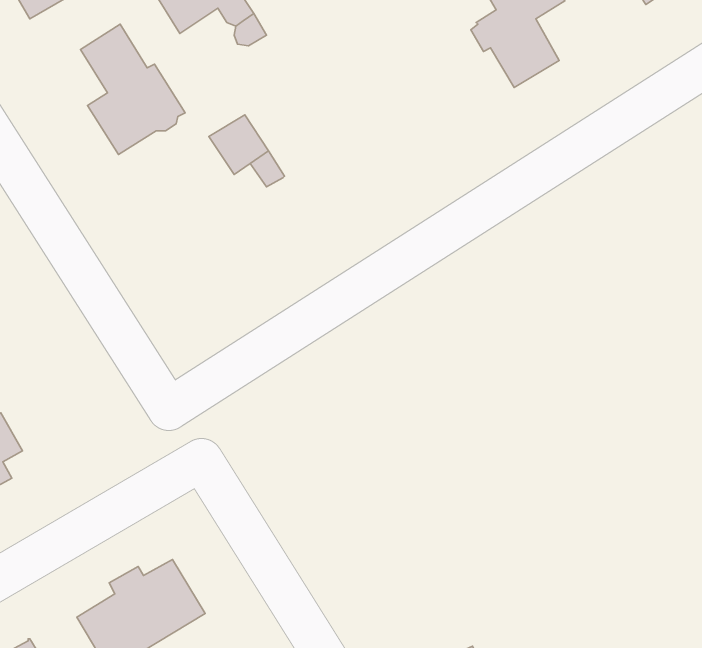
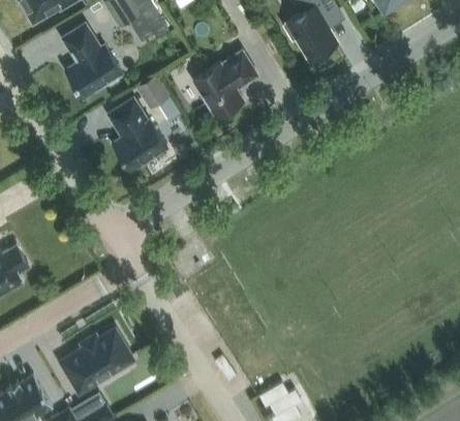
building: none -> [194,51,258,117]
building: none -> [109,98,168,171]

